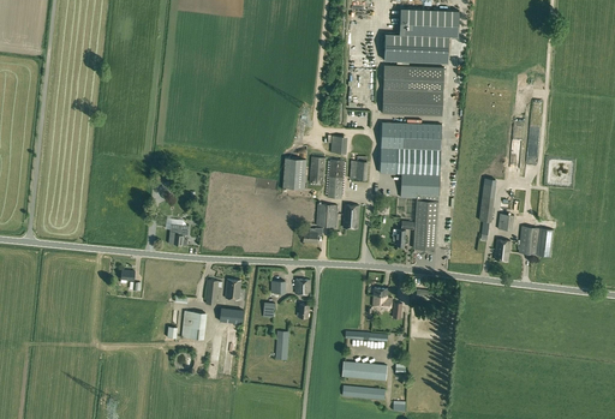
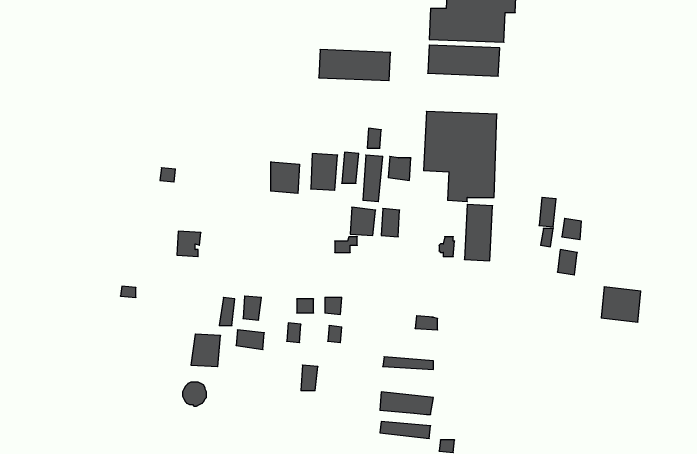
building: [381,89,442,115] -> [319,50,391,81]
building: none -> [271,162,299,193]
building: [518,226,551,256] -> [601,287,641,322]

